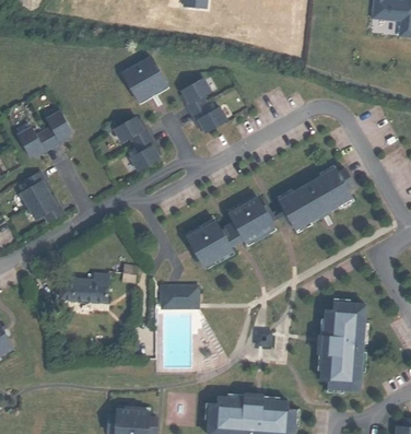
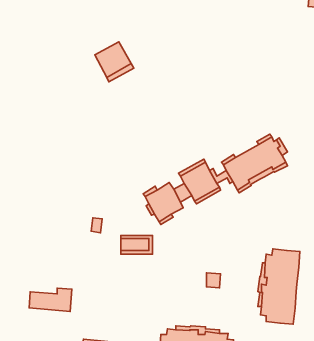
building: [181,79,226,133] -> none
building: [20,112,75,157] -> none
building: [115,116,160,171] -> none
building: [21,171,64,223] -> none
building: [57,273,107,301] -> [29,288,72,311]

